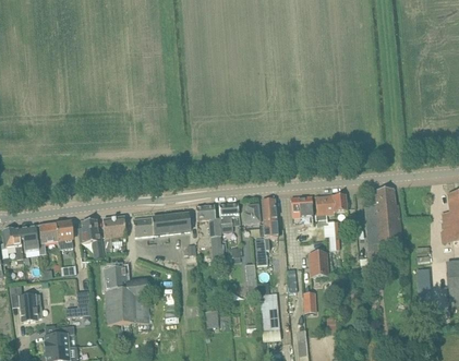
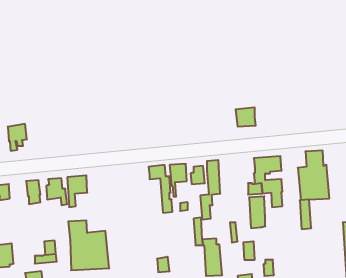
building: [290,195,313,217] -> [236,107,256,127]
building: [133,213,190,236] -> none
building: [36,222,58,253] -> [8,124,27,151]

